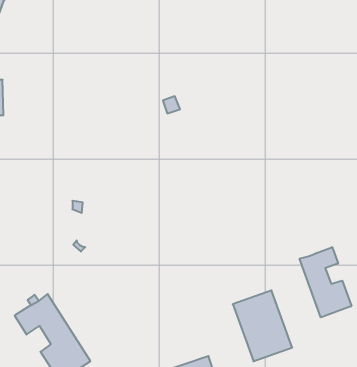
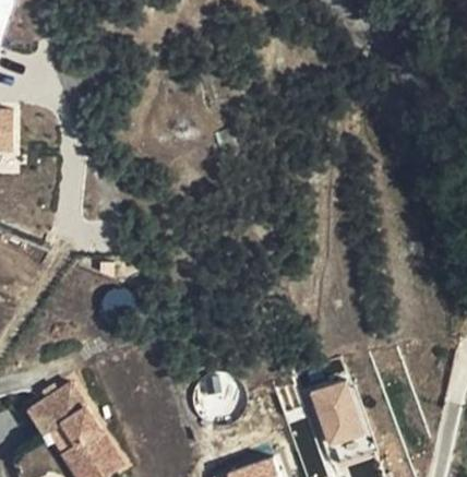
building: [300,247,351,317] -> none

